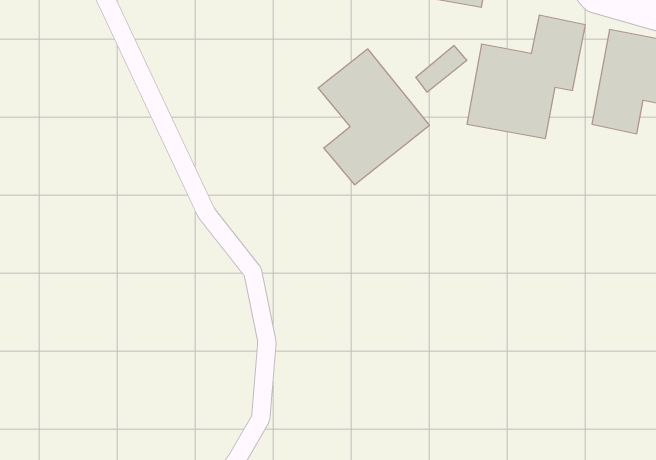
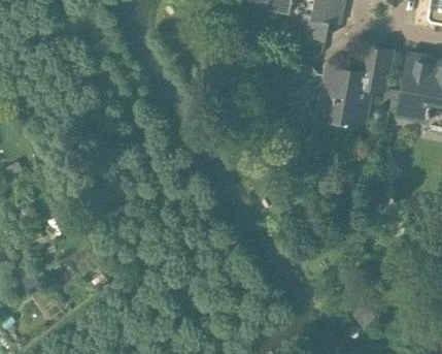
building: [318,49,429,185] -> none

